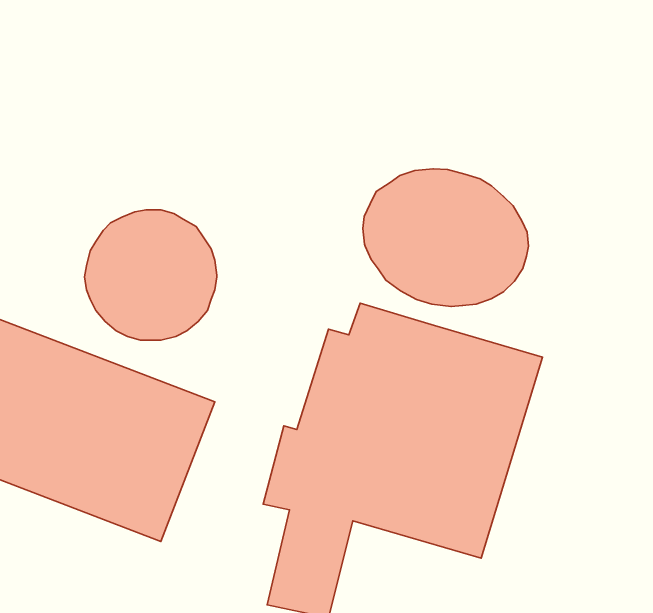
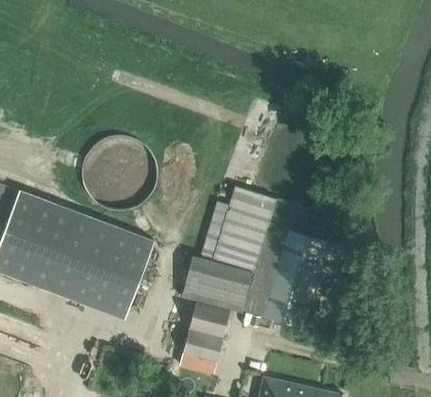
building: [363,169,529,306] -> none

